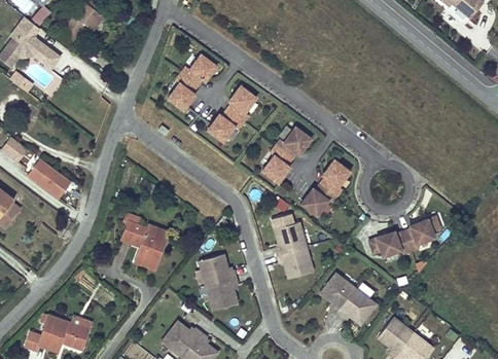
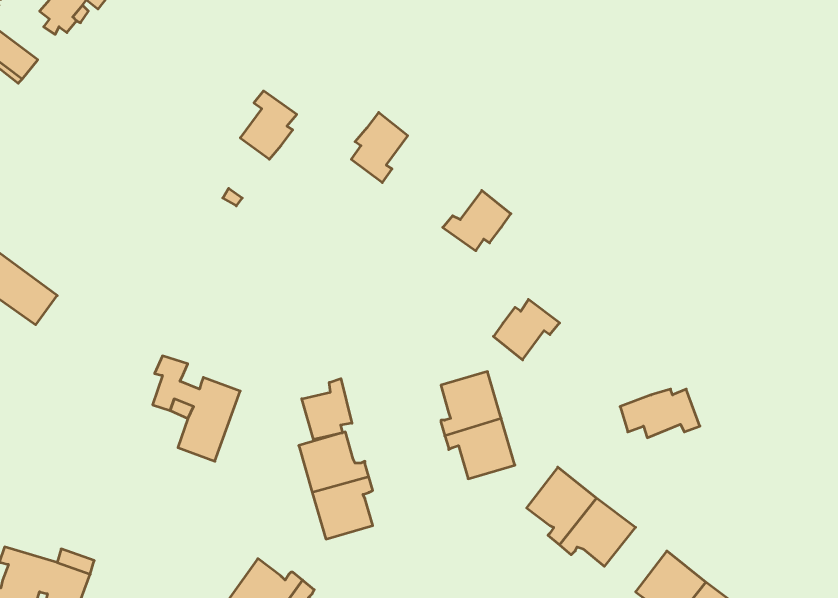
building: [180,53,216,85] -> none
building: [207,109,243,141] -> none
building: [262,145,292,182] -> none
building: [320,158,350,195] -> none
building: [403,215,440,250] -> none
building: none -> [302,379,352,439]

